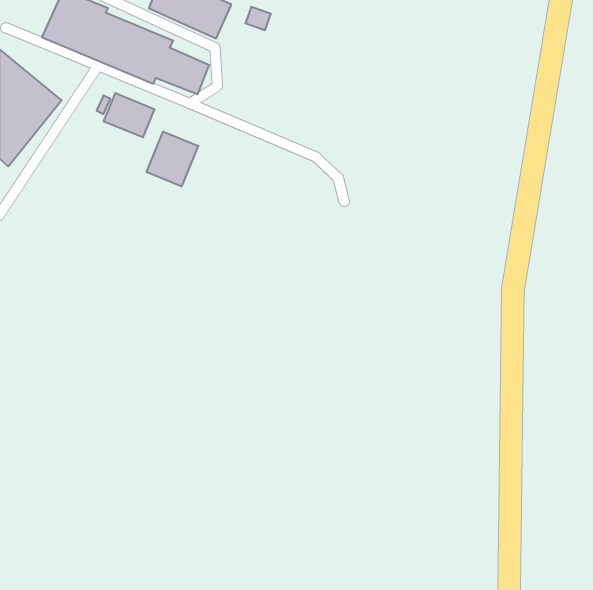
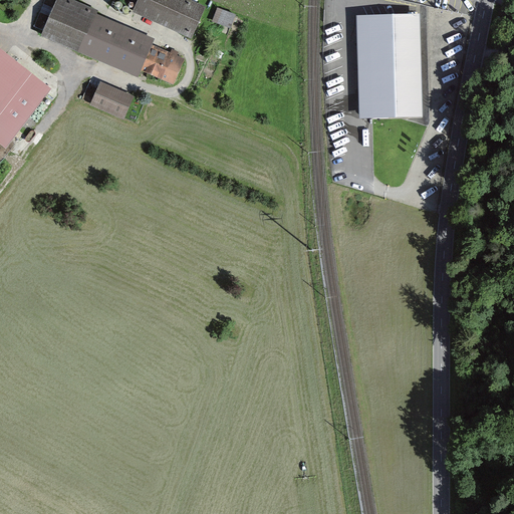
building: none -> [355,14,423,119]
building: [147,131,198,186] -> none

